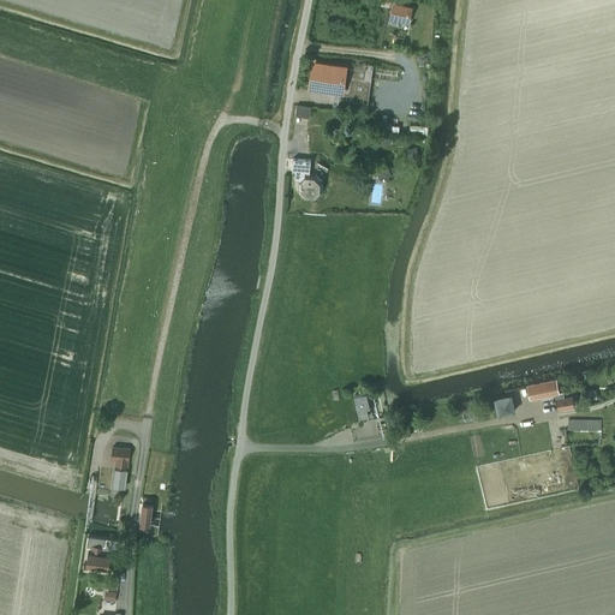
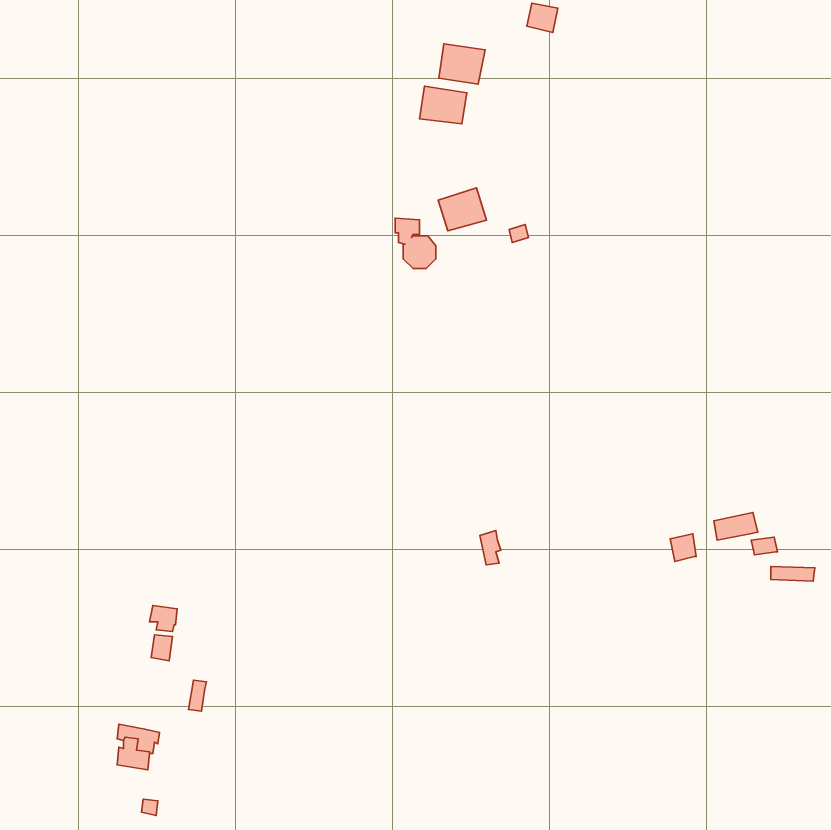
building: none -> [439,44,485,84]
building: none -> [438,188,487,231]

